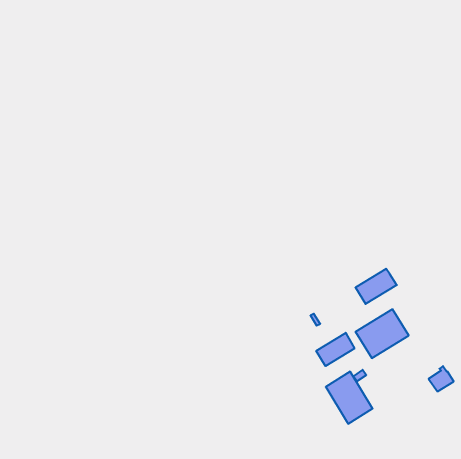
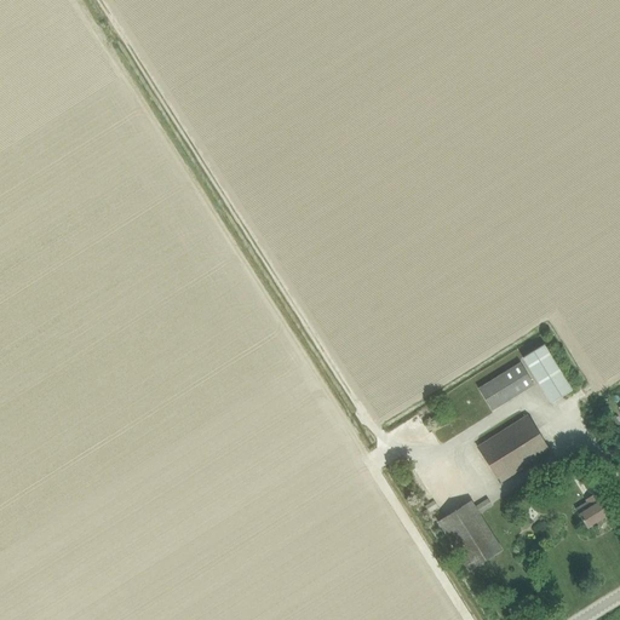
building: none -> [523,345,572,403]
building: [316,333,354,366] -> none

